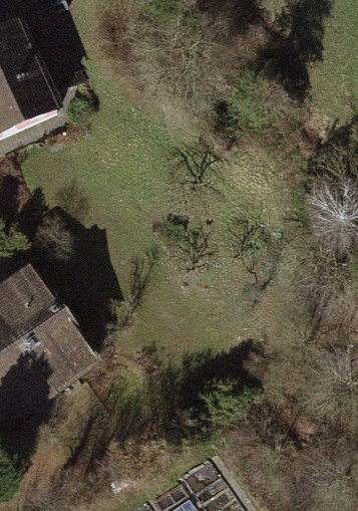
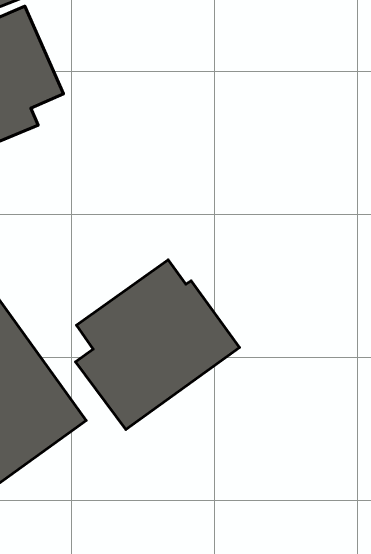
building: none -> [76,260,239,429]

